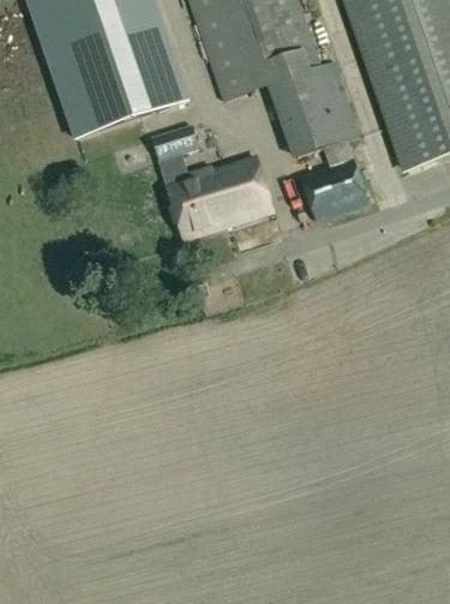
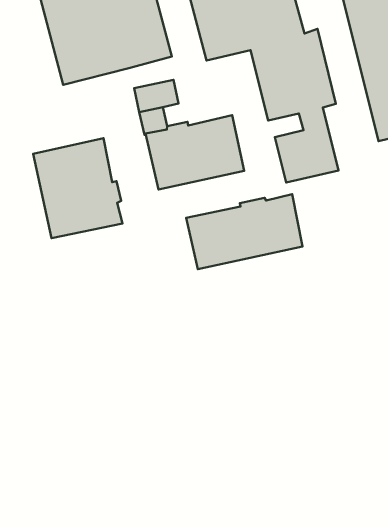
building: none -> [33,138,123,238]
building: none -> [186,194,303,269]

